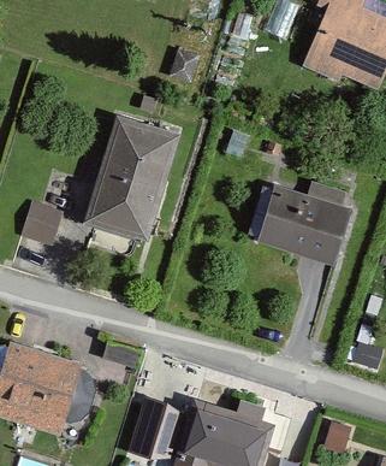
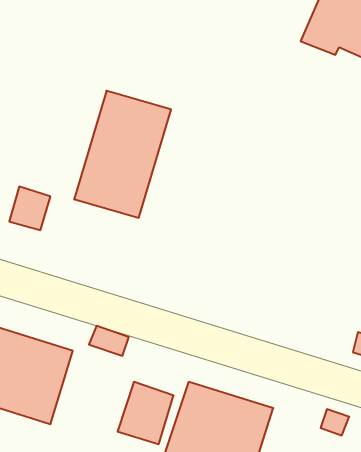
building: [261,175,350,259] -> none

